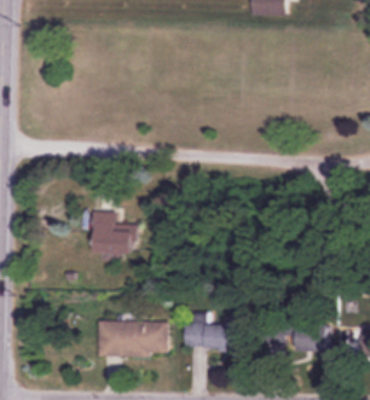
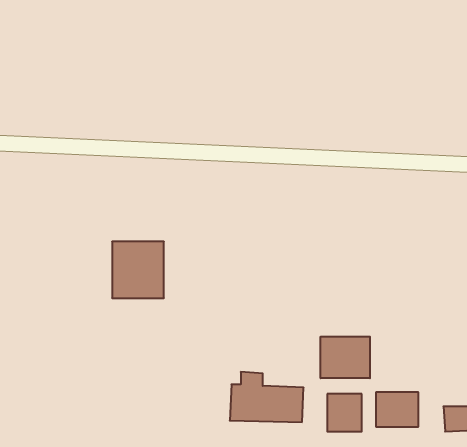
building: none -> [321,337,370,378]
building: [97,320,168,358] -> none

